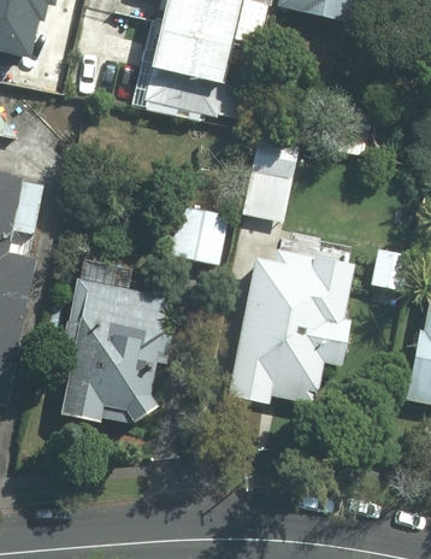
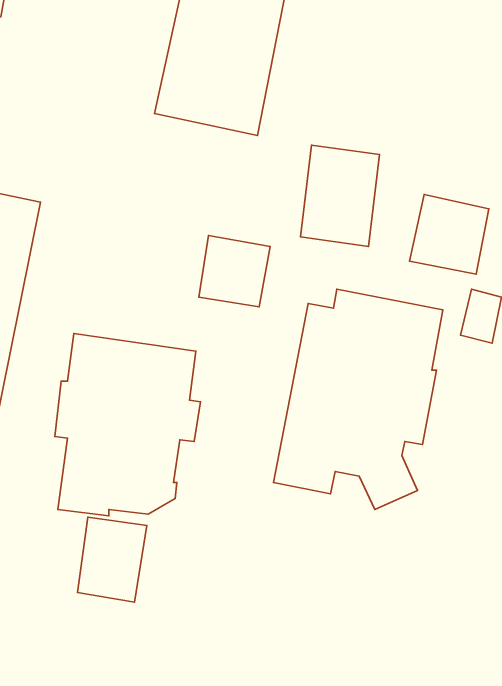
building: none -> [409,195,489,274]
building: none -> [77,517,147,602]

